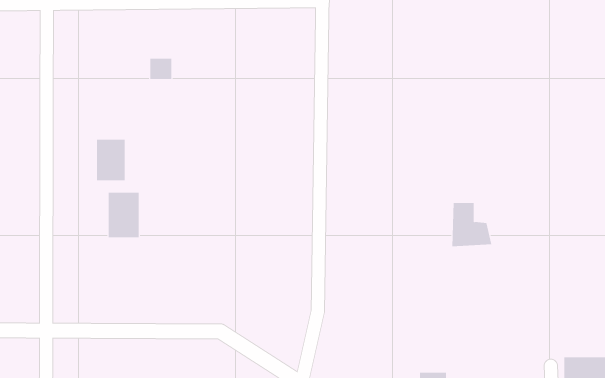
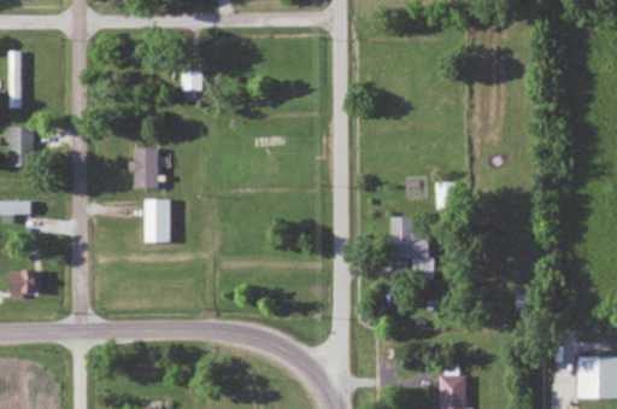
building: [452,203,492,247] -> [389,220,428,262]

